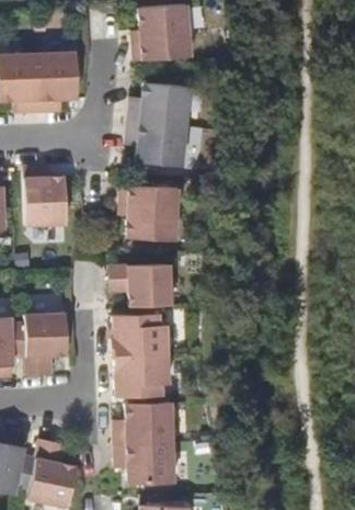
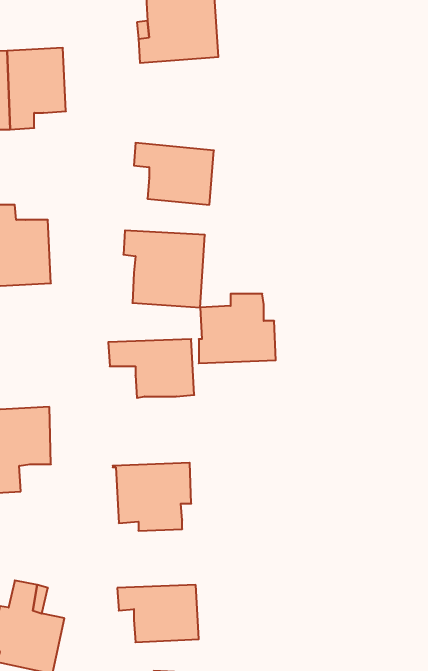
building: [129,82,191,127] -> none
building: [113,306,169,356] -> [199,294,276,363]
building: [116,403,173,445] -> none

